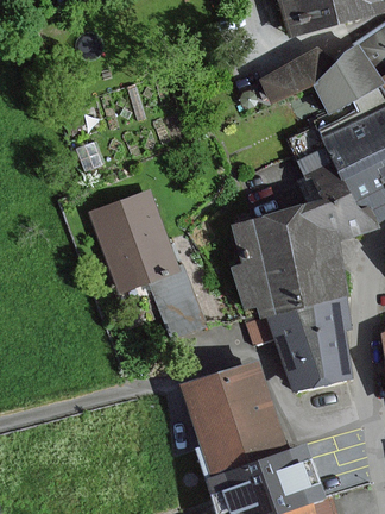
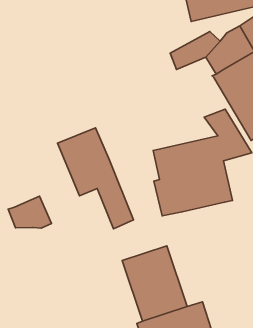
building: none -> [8,196,52,228]
building: [245,297,355,391] -> none

